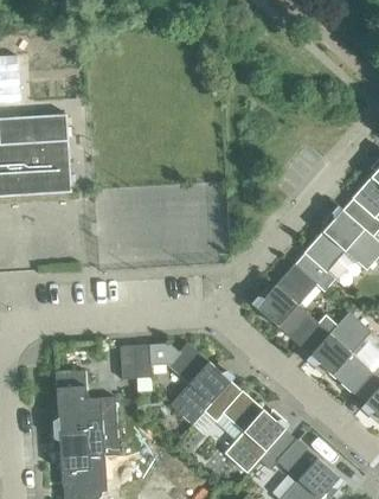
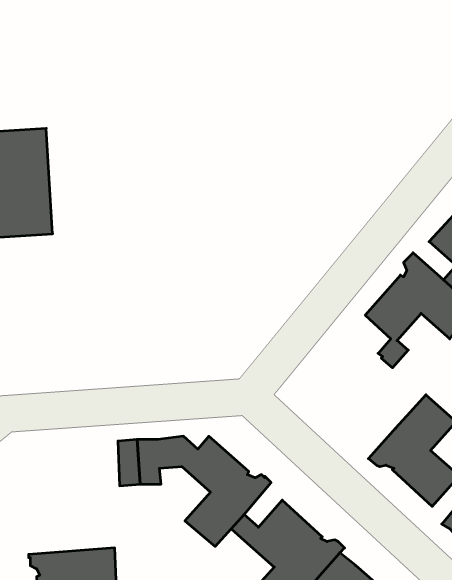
building: [252,263,338,346] -> none
building: [54,370,118,430] -> none

